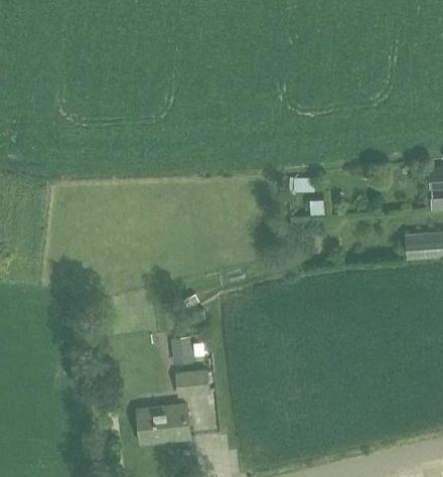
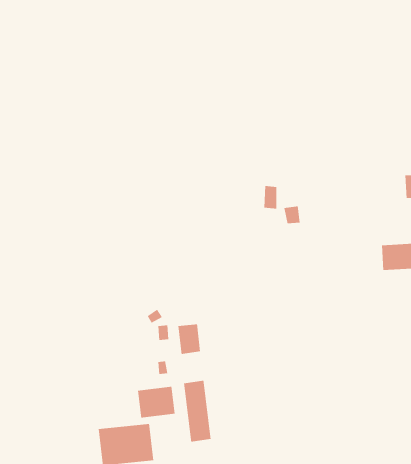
building: [171,337,193,366] -> [178,324,201,355]
building: none -> [184,380,211,443]

